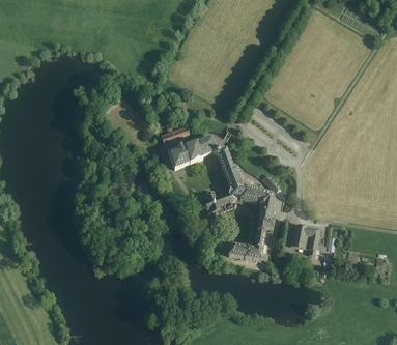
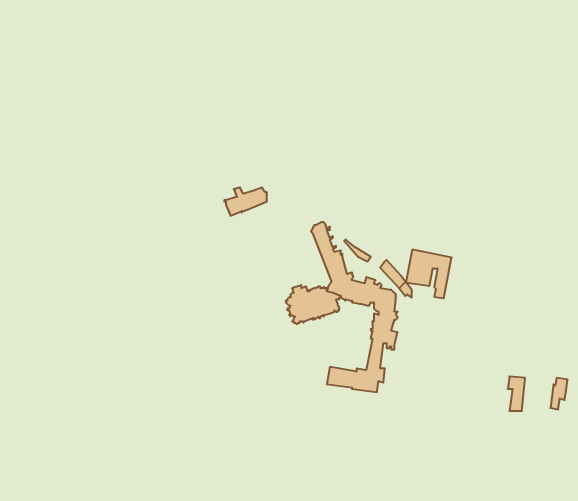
building: [167,136,216,167] -> none
building: [289,223,319,255] -> [406,250,452,298]

